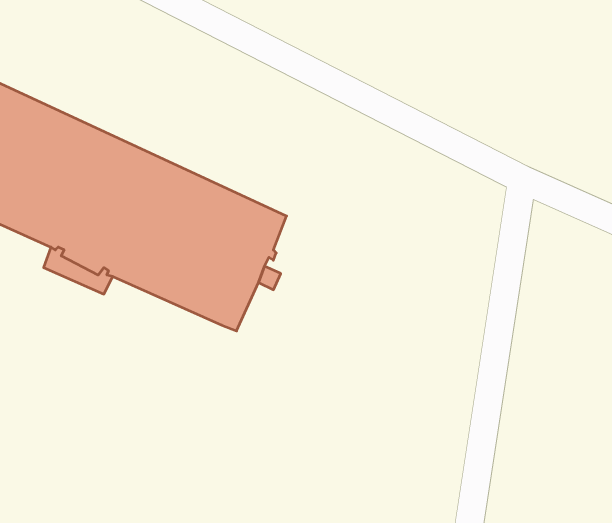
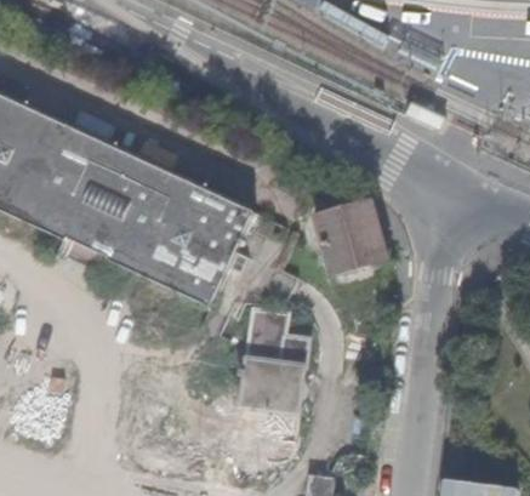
building: none -> [314,196,389,270]
building: none -> [241,307,304,410]

